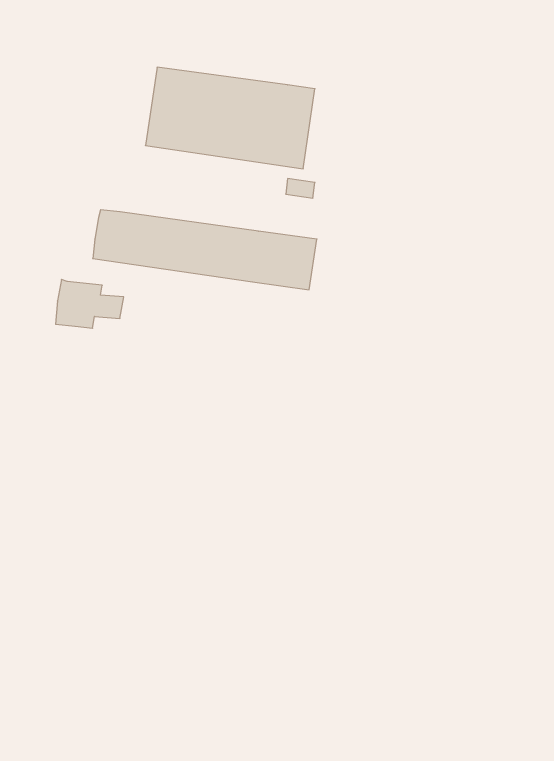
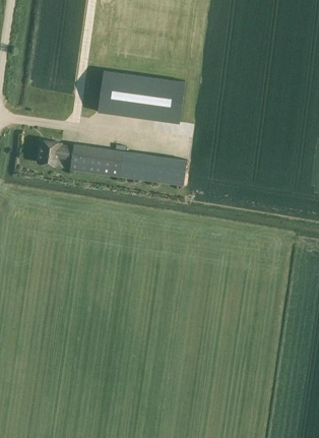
building: [56,279,124,328] -> [37,139,72,165]

